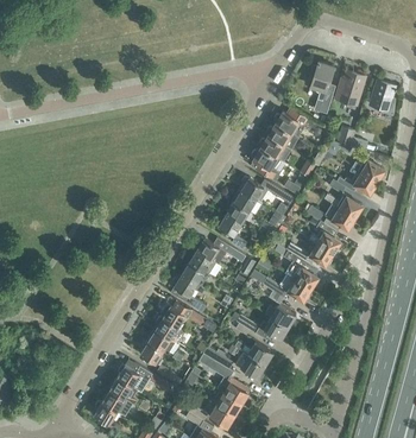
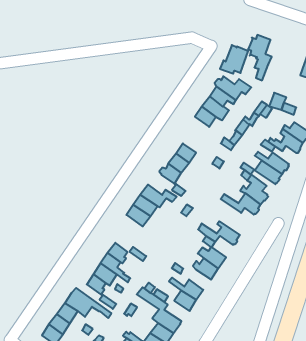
building: [334,69,365,101] -> [220,45,248,74]
building: [240,176,291,201] -> none
building: [283,248,317,287] -> none
building: [171,272,206,311] -> none

